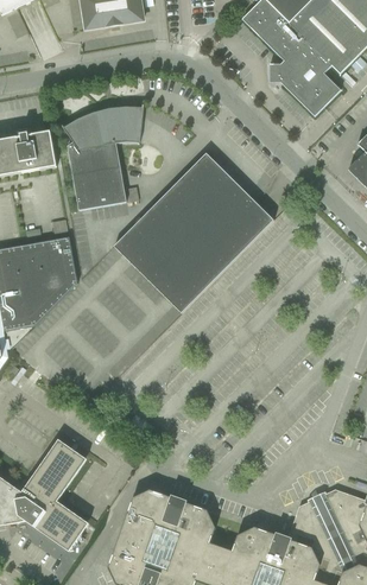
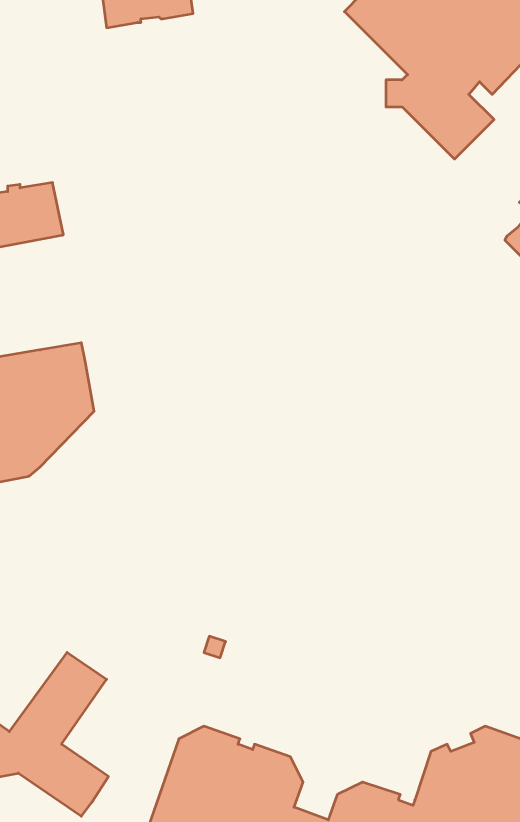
building: [62,103,144,209] -> none
building: [114,152,273,312] -> none

